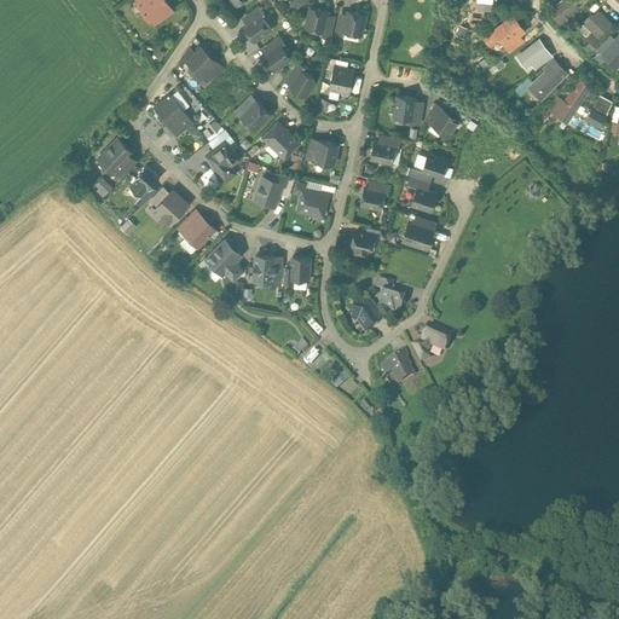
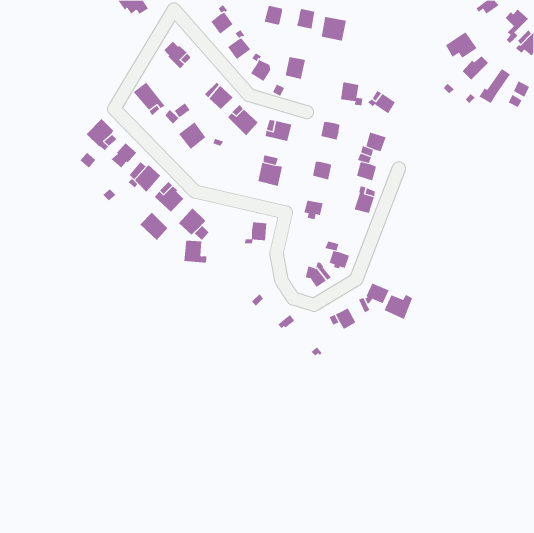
building: [482,18,522,52] -> none
building: none -> [321,16,347,42]
building: [254,174,288,207] -> none
building: none -> [140,212,168,241]
building: [253,256,280,283] -> [183,240,208,263]
building: none -> [384,294,413,320]

